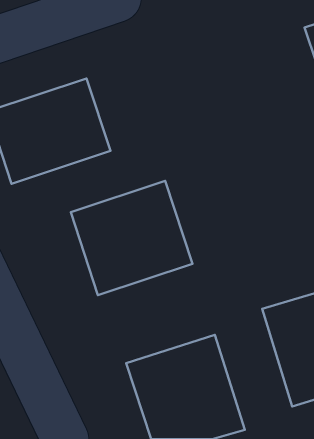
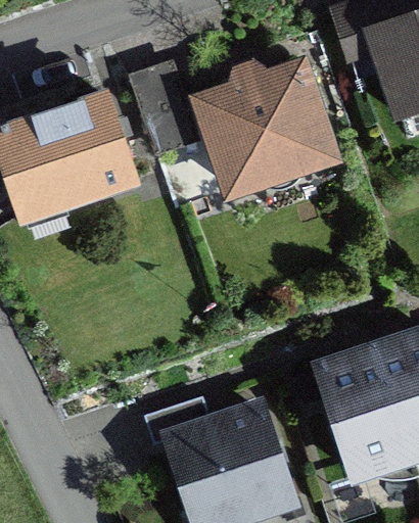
building: none -> [192,62,340,200]
building: [71,181,192,295] -> none

